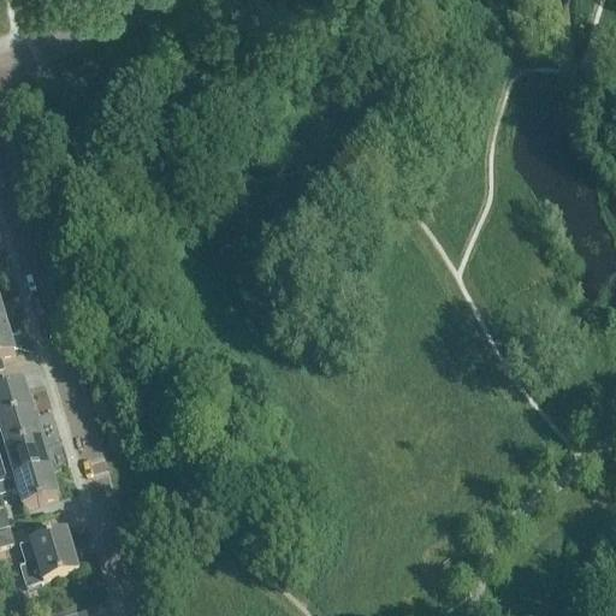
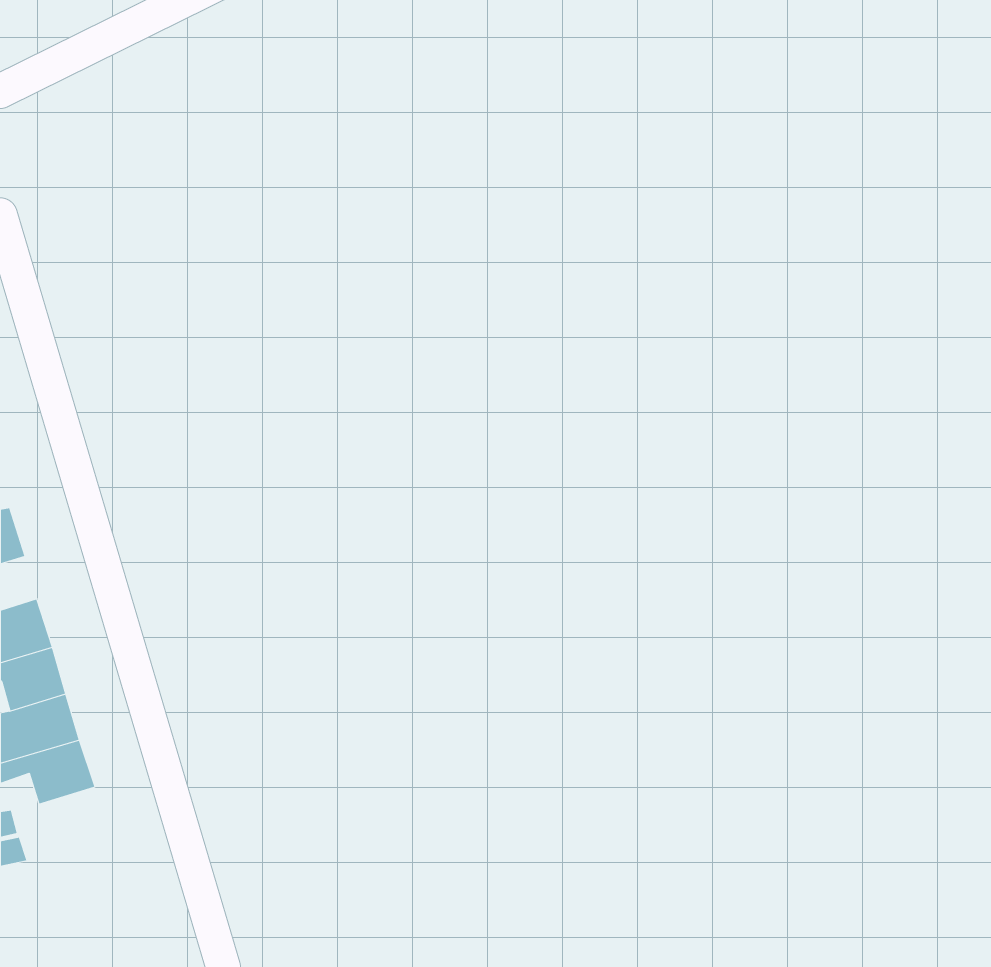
building: [19,523,79,579] -> none

